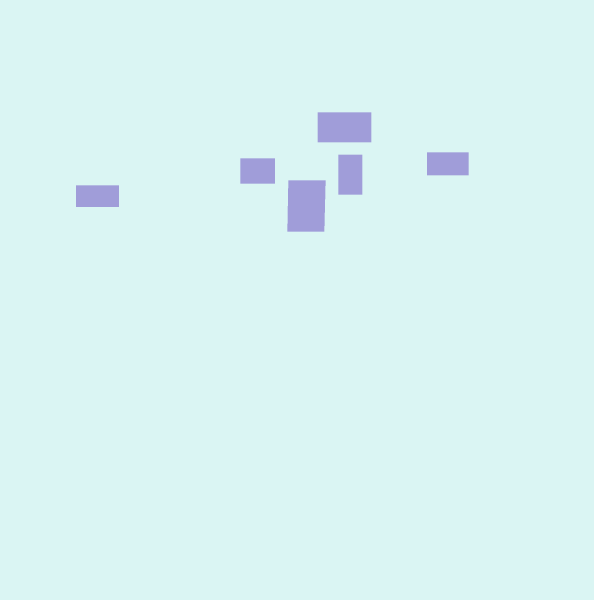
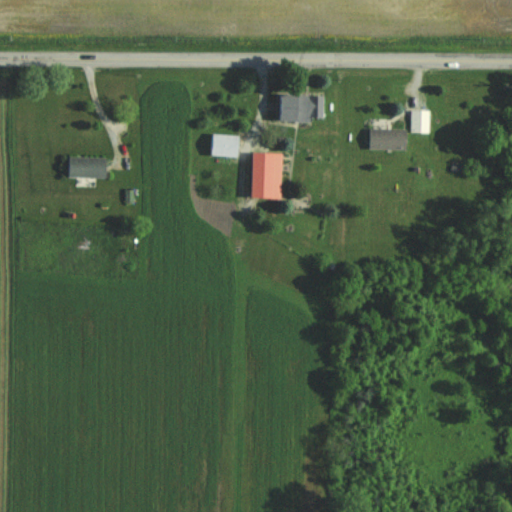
building: none -> [412,110,429,133]
building: [337,154,363,196] -> none

